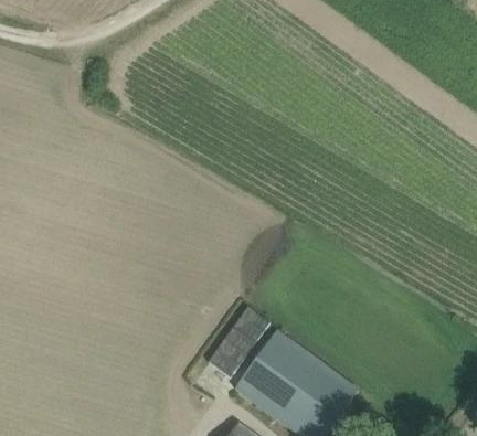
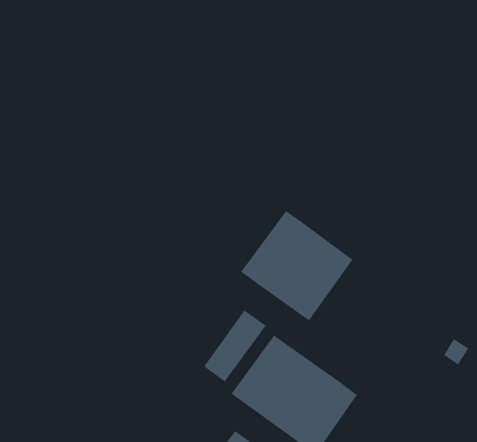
building: none -> [240,210,354,322]

